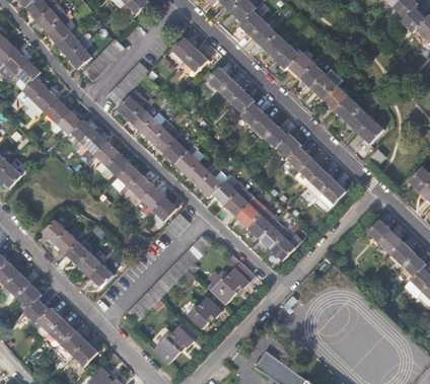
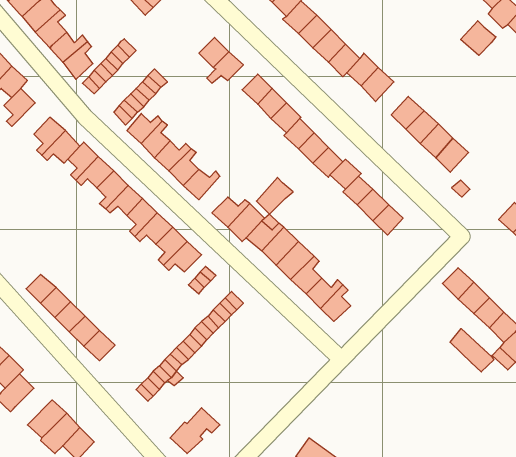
building: none -> [461,21,496,55]
building: [312,66,344,97] -> none
building: [26,88,60,118] -> none
building: [175,145,204,173] -> [256,177,293,214]
building: [314,177,345,208] -> none
building: [206,261,253,302] -> none
building: none -> [450,329,494,372]
building: [187,295,220,325] -> none
building: [31,306,62,336] -> none

